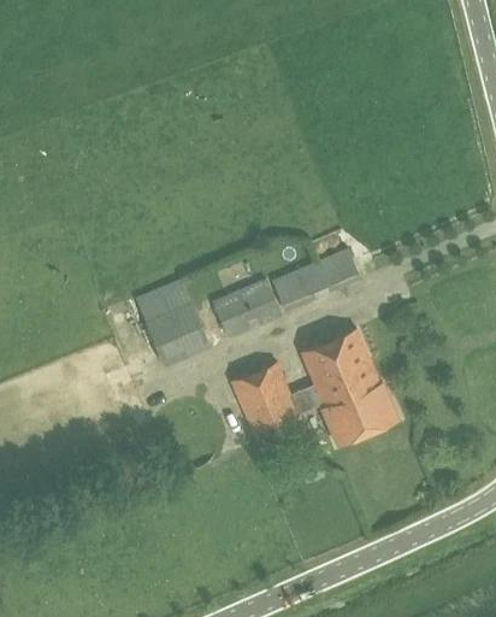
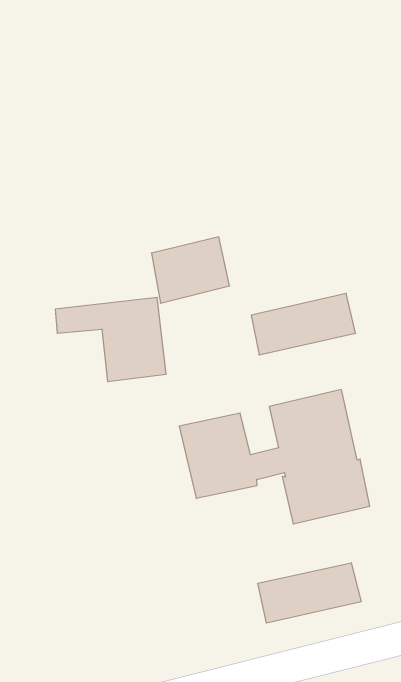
building: [212,277,281,340] -> [151,237,230,303]
building: none -> [258,563,361,623]

